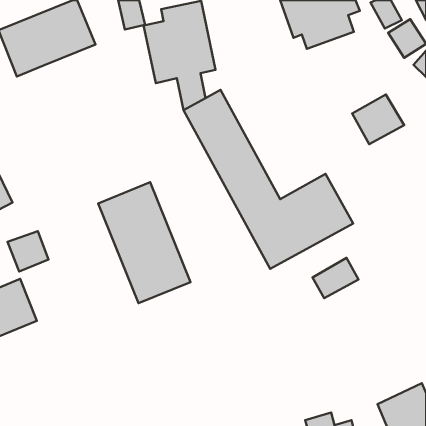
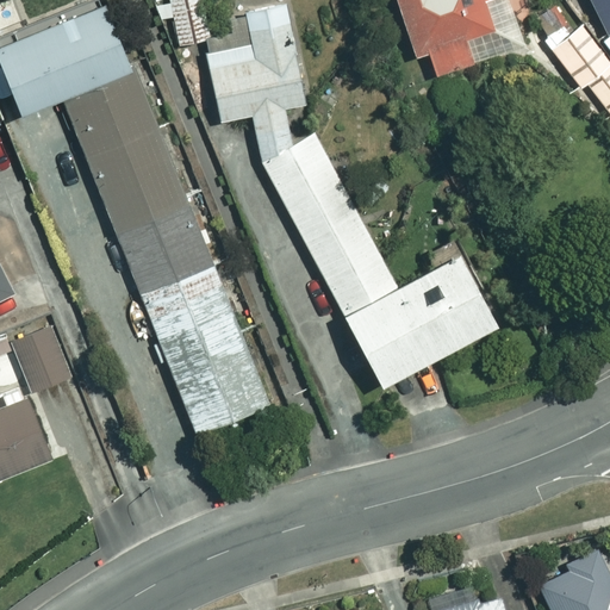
building: none -> [62,68,213,293]
building: [352,94,404,144] -> none
building: [312,258,358,298] -> none

